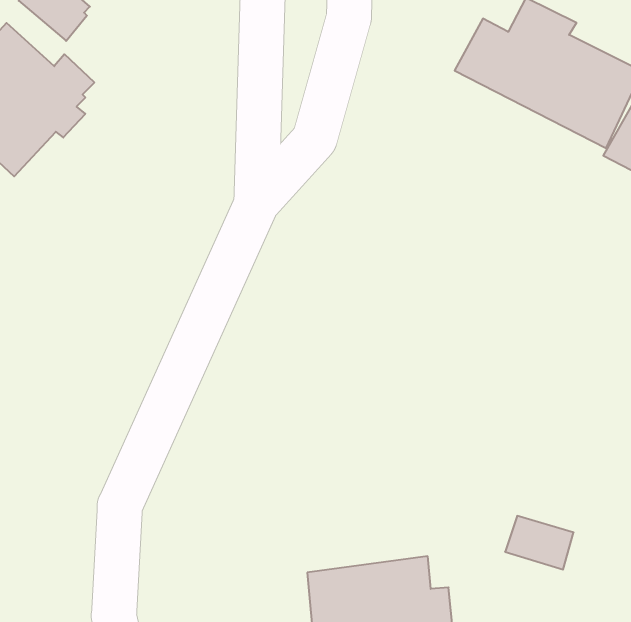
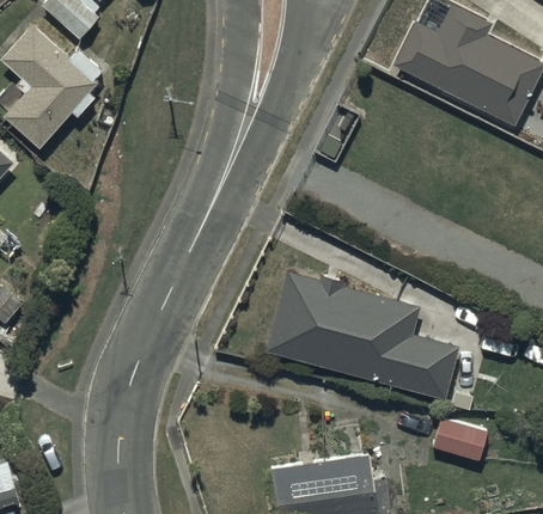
building: none -> [267,271,456,397]

